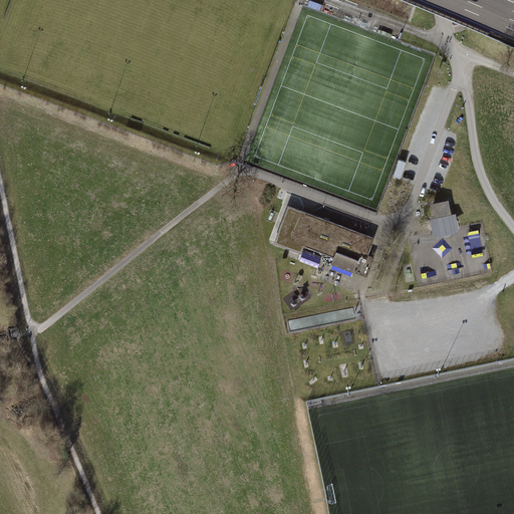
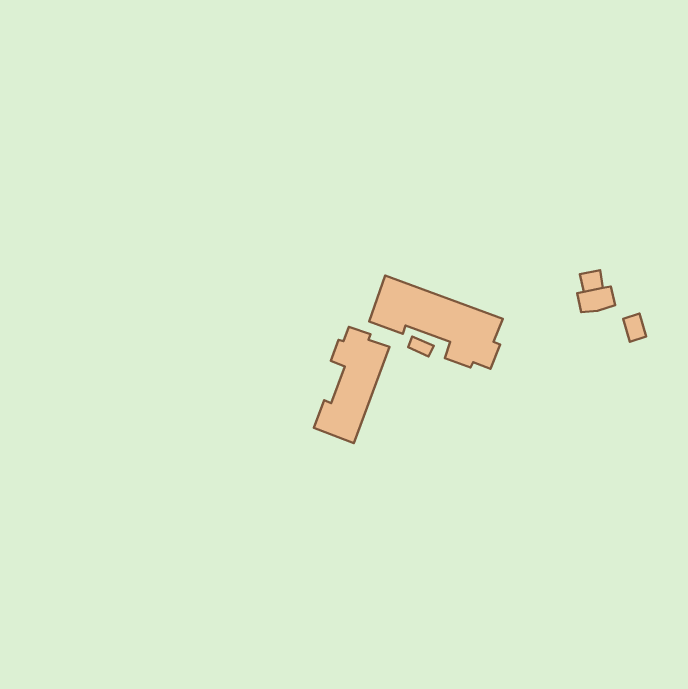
building: none -> [314,327,389,443]

